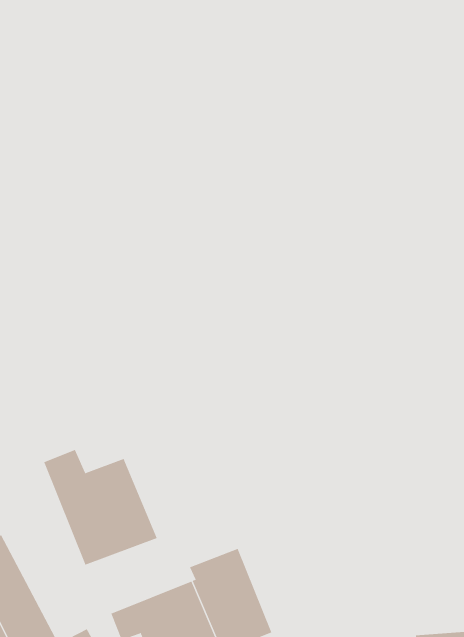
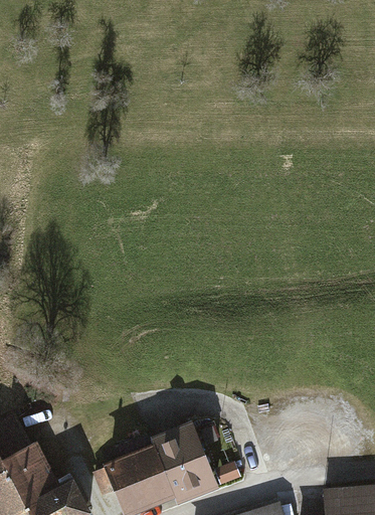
building: [44,449,157,566] -> none

